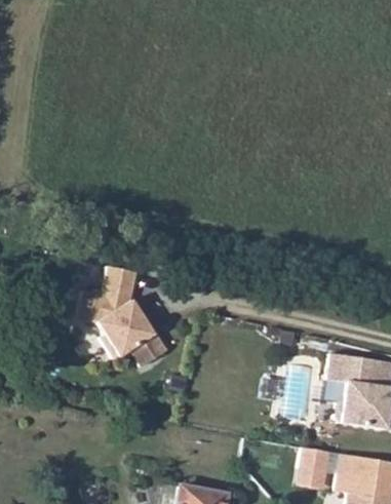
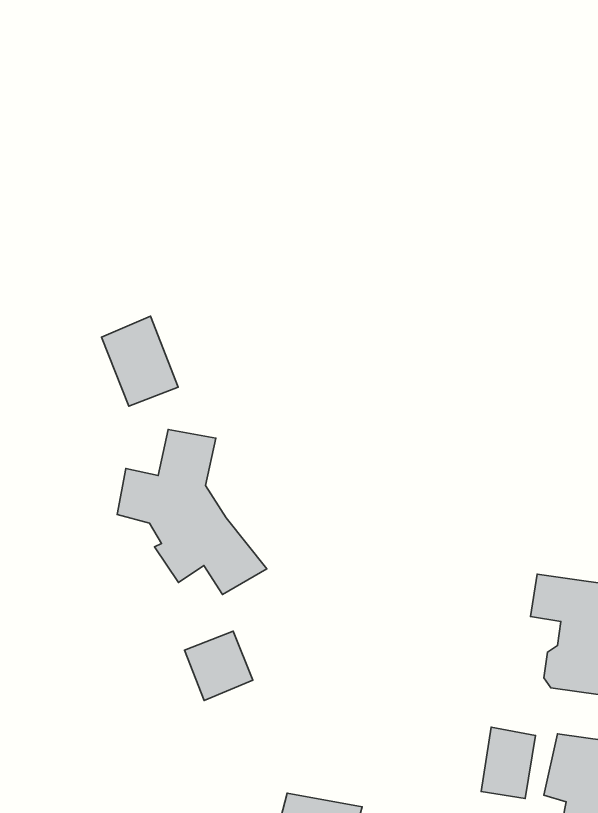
building: none -> [102,316,178,406]
building: none -> [185,631,253,700]

